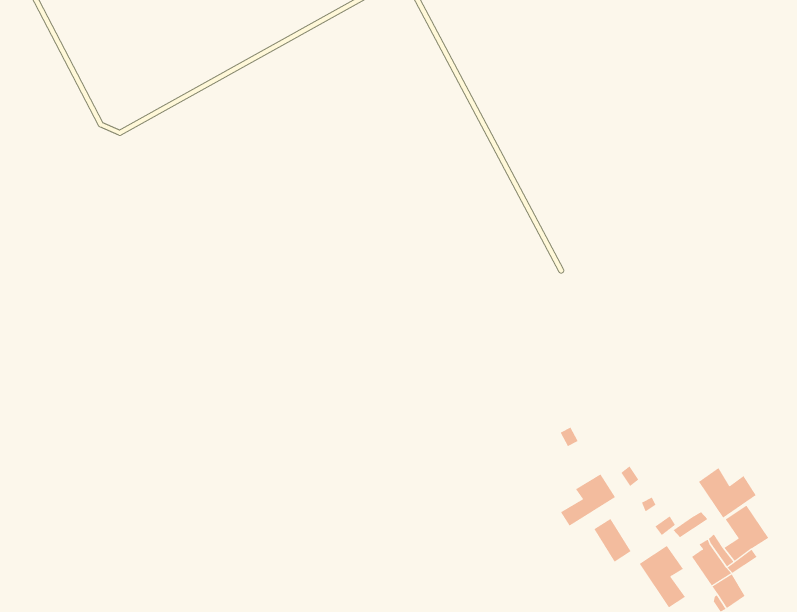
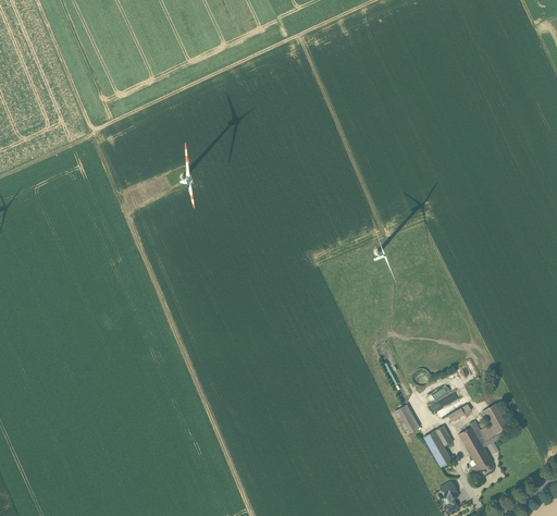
building: [698,467,757,518] -> none
building: [560,474,616,526] -> none

